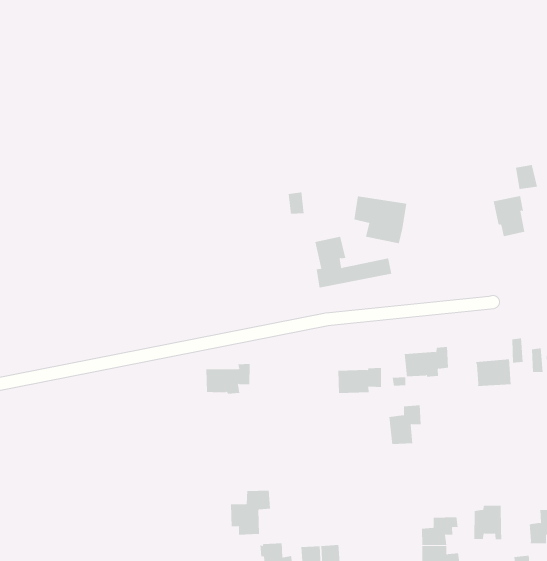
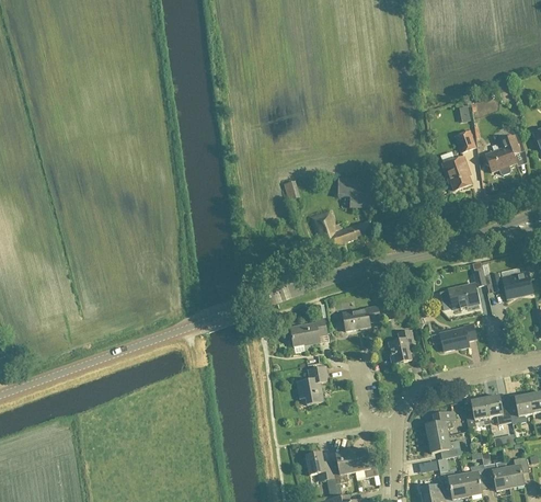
building: [404,346,449,377] -> [439,321,475,350]
building: [206,363,251,394] -> [290,317,326,344]
building: [230,490,271,535] -> [297,365,329,403]
building: none -> [485,393,511,423]

